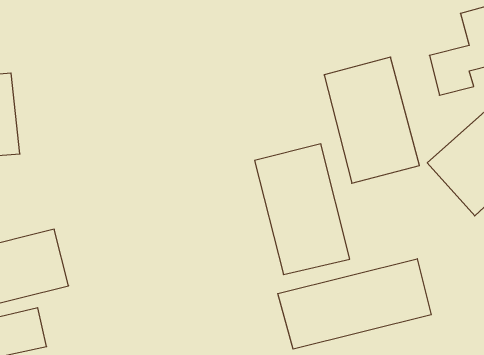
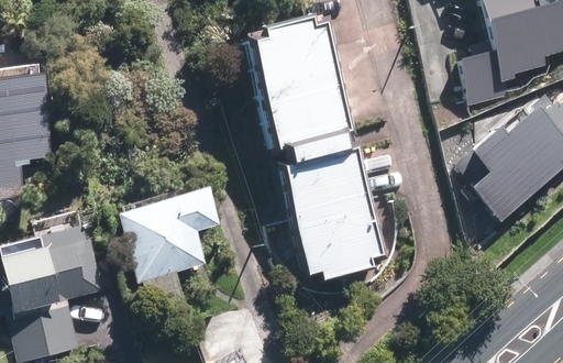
building: [324,57,419,183] -> [251,20,345,145]
building: none -> [133,191,221,277]
building: [278,259,431,349] -> none

